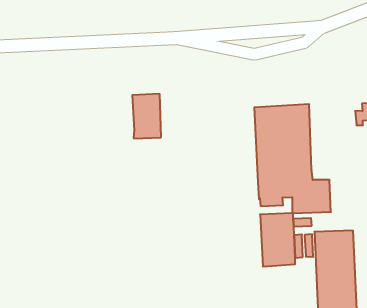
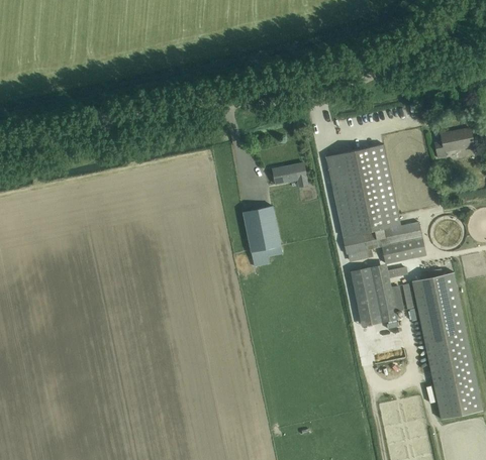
building: [132,94,161,138] -> [242,207,281,259]
building: none -> [272,163,307,187]

